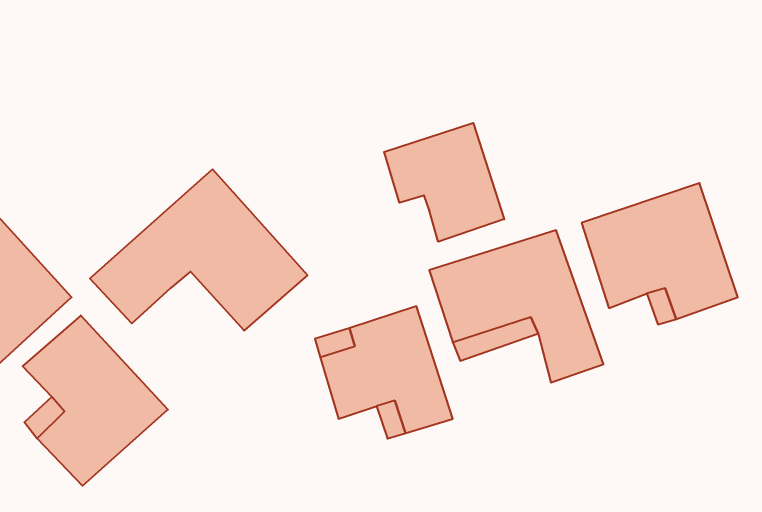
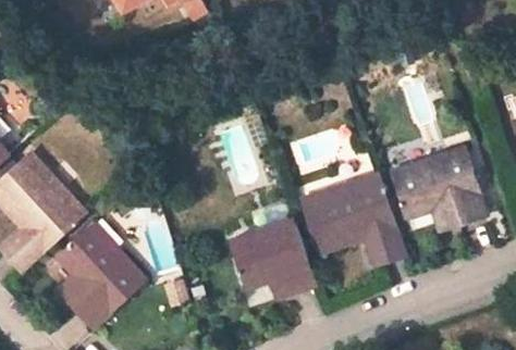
building: [384,123,504,242] -> none
building: [90,169,307,331] -> none

